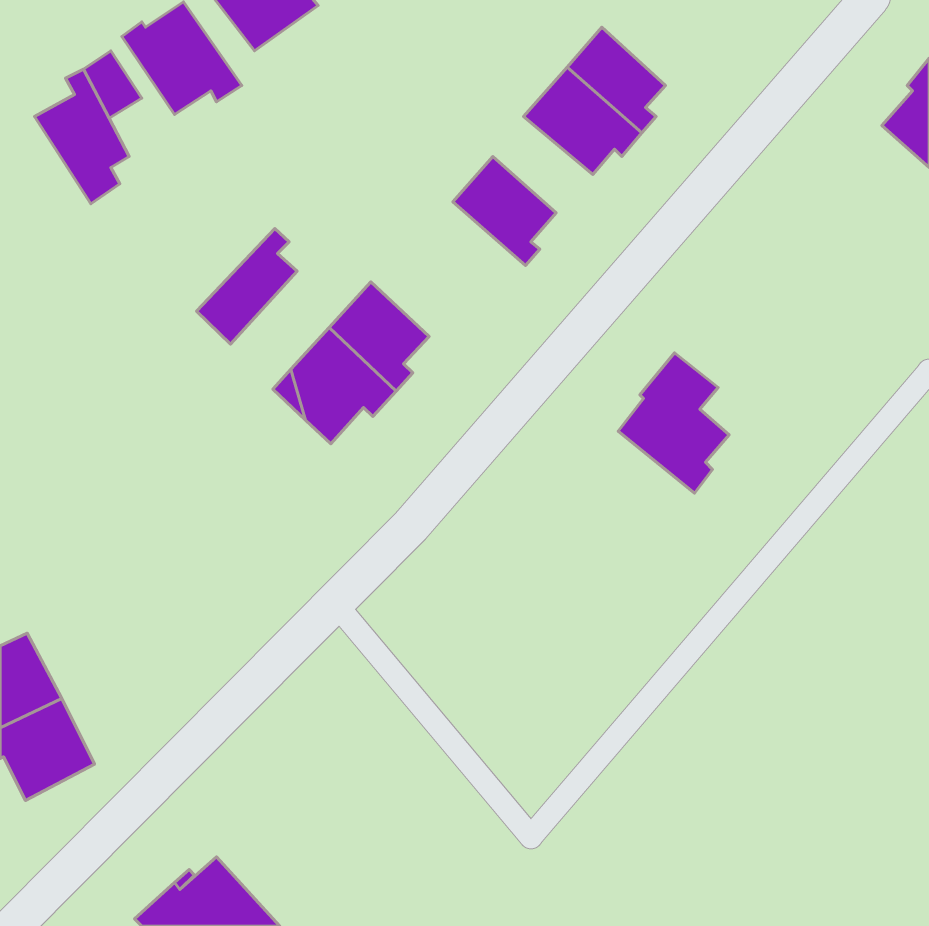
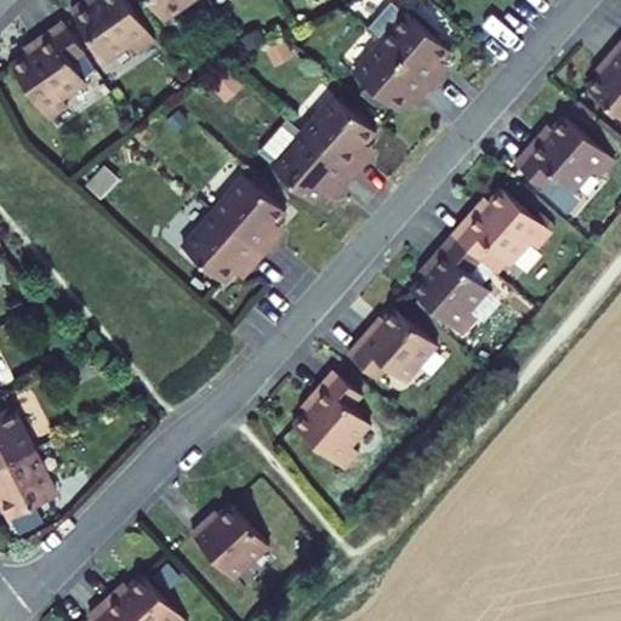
building: none -> [517,116,613,190]
building: none -> [269,135,351,209]
building: [197,229,297,344] -> none
building: none -> [450,187,548,262]
building: none -> [347,310,432,382]
building: none -> [289,375,364,471]
building: none -> [193,500,270,575]

